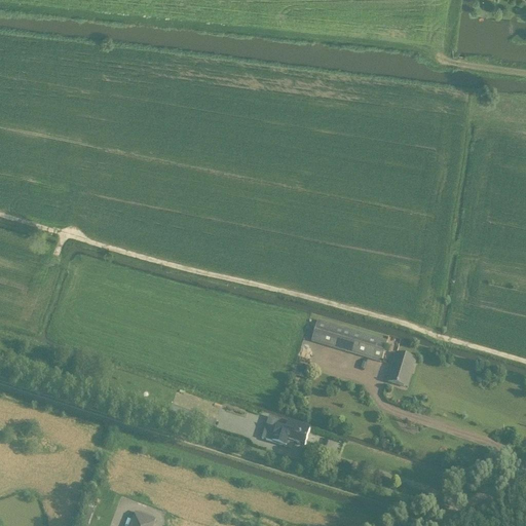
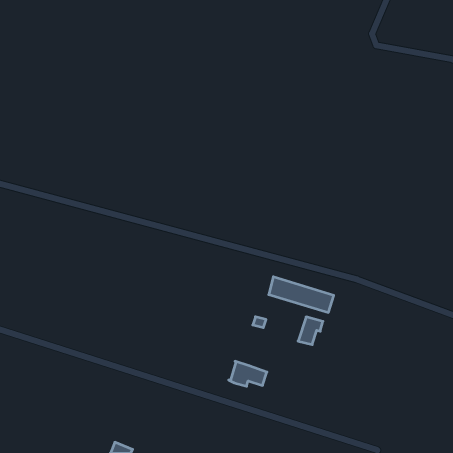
building: [385,353,414,385] -> [298,317,323,345]

